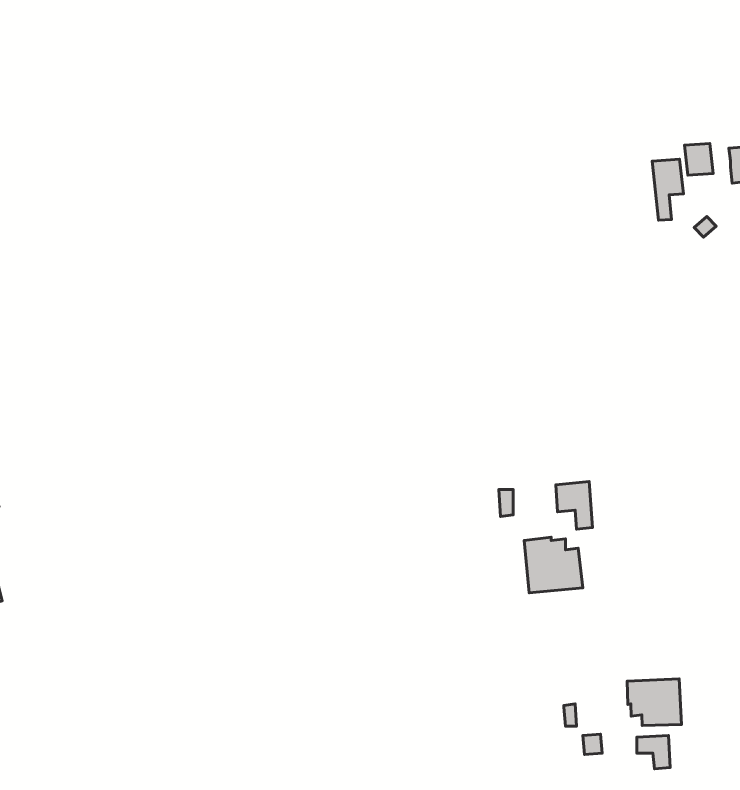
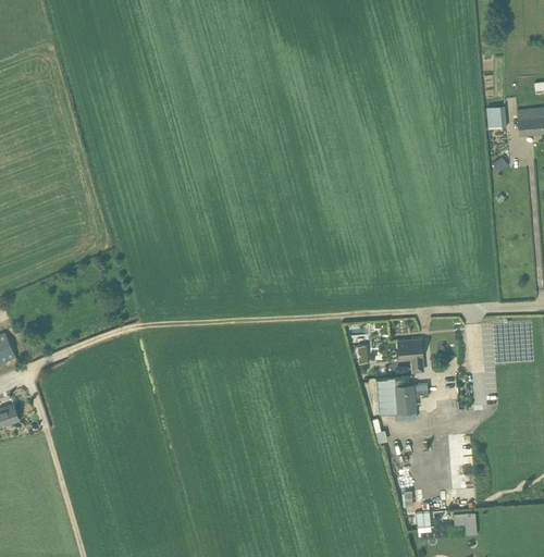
building: [652,159,683,220] -> none
building: [627,679,682,726] -> none

